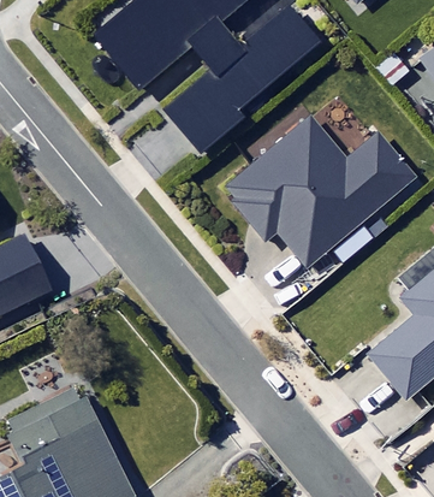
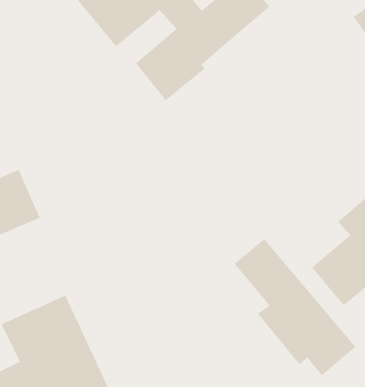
building: [224,117,414,268] -> none
building: none -> [234,238,356,376]

